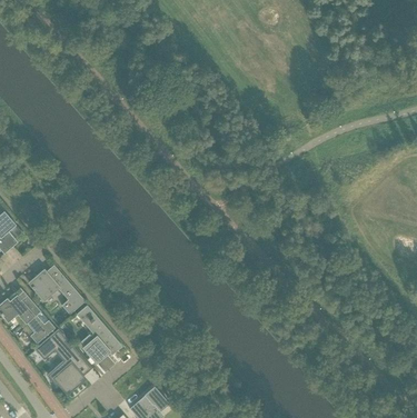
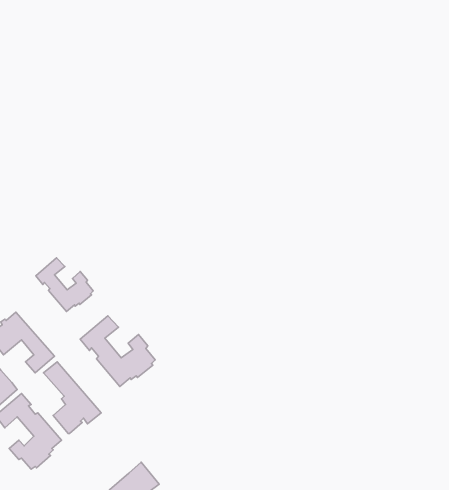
building: none -> [36,258,93,312]
building: none -> [80,316,155,386]

